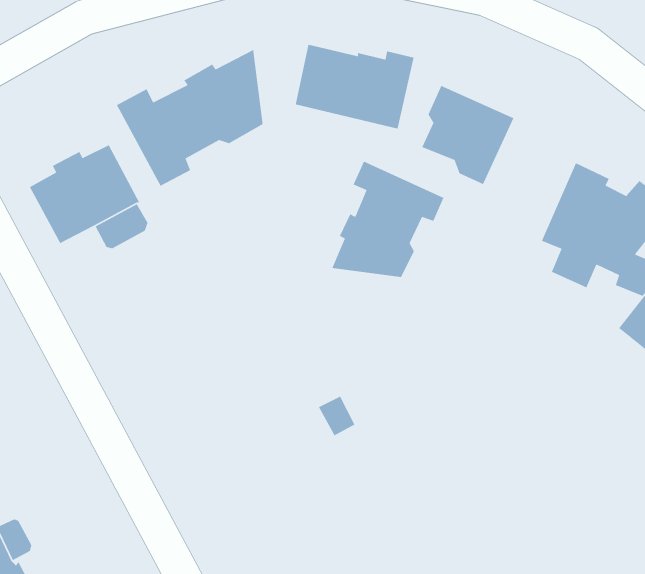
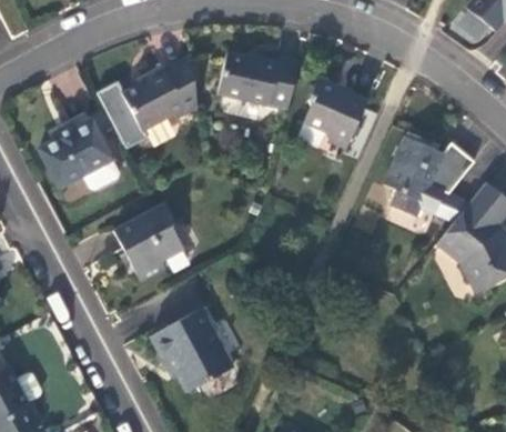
building: [331,161,444,278] -> none
building: none -> [113,202,183,281]
building: none -> [150,309,232,392]

